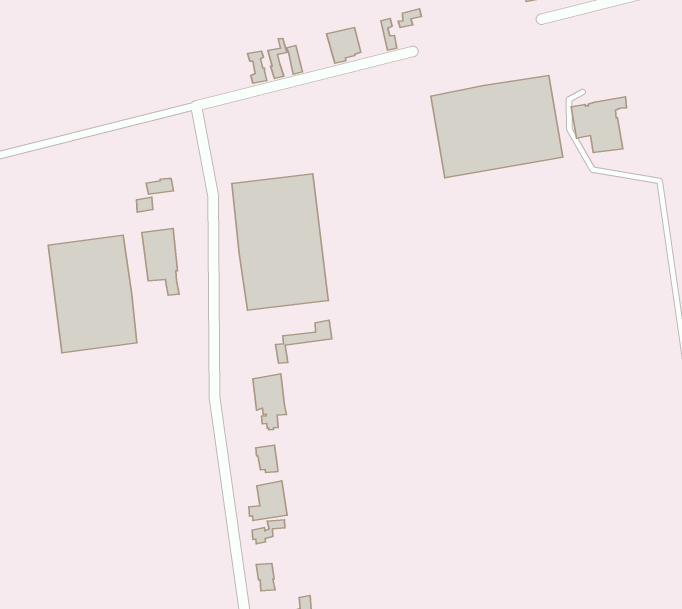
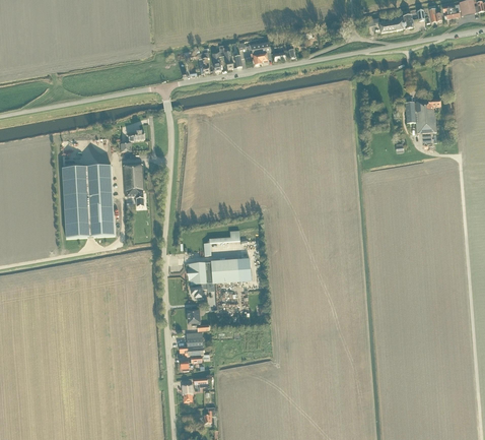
building: [431,76,563,178] -> none
building: [232,174,329,310] -> none
building: none -> [205,258,251,291]

